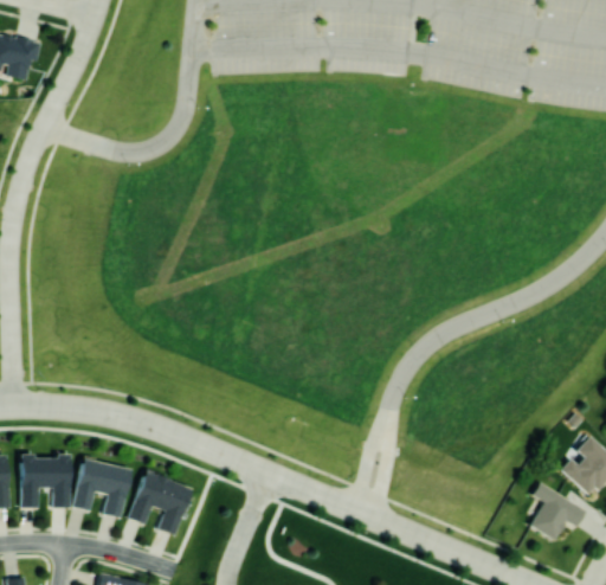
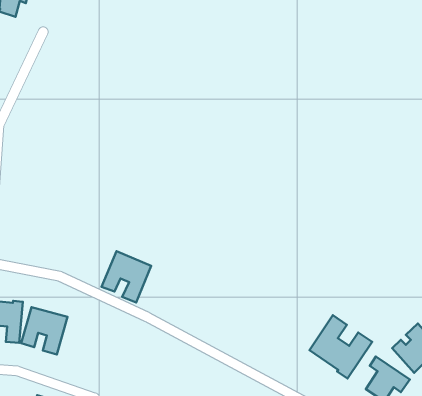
building: none -> [309,315,372,378]
building: [128,471,191,536] -> [102,251,151,303]

